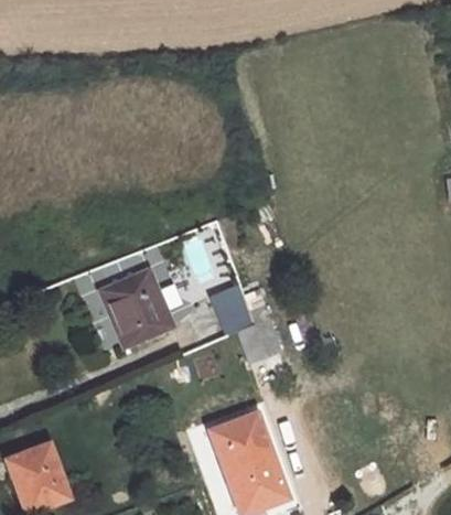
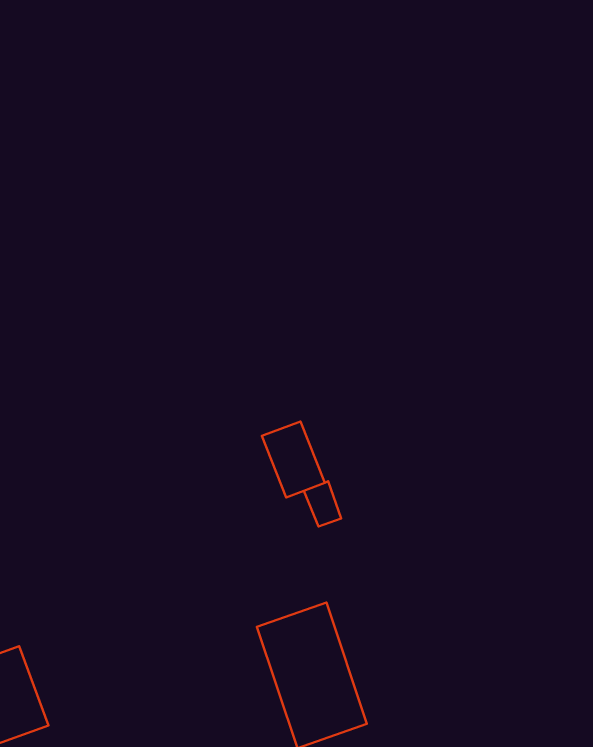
building: [101,265,174,344] -> none

